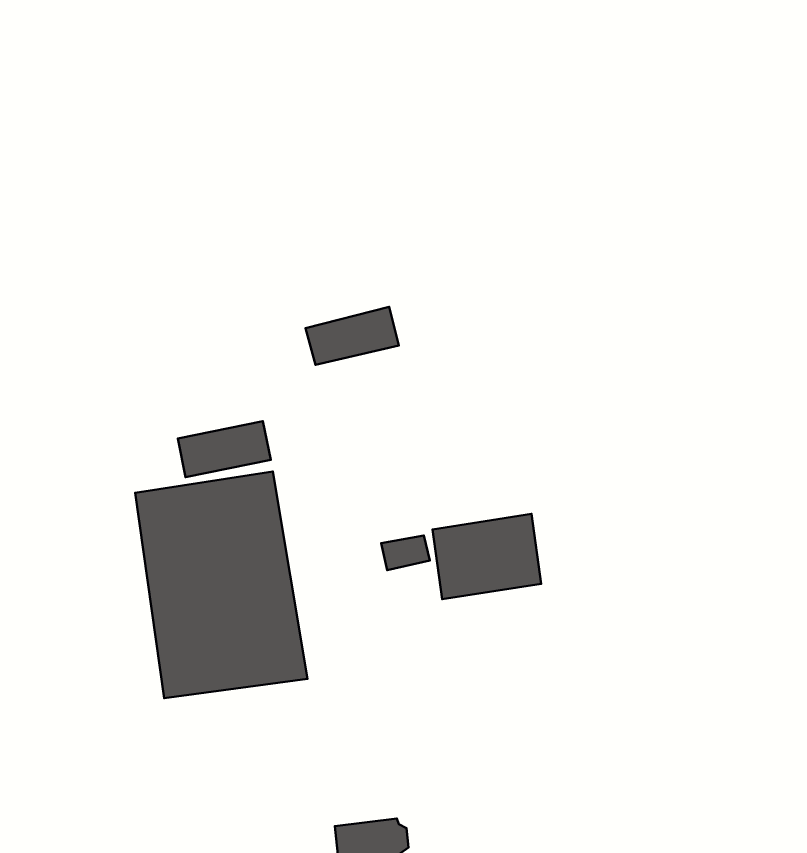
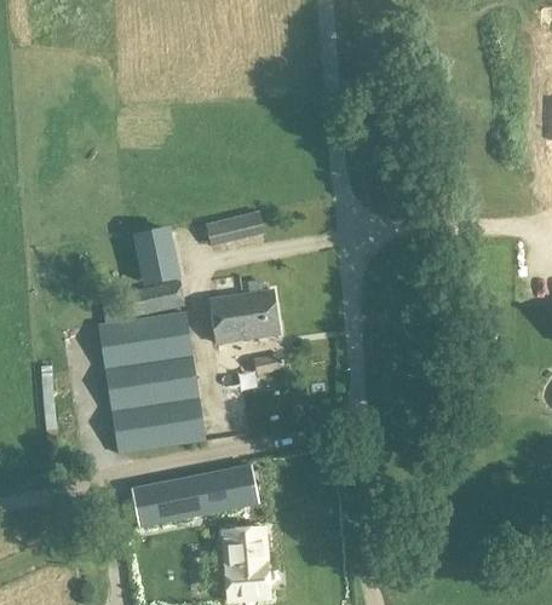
building: none -> [132,226,182,284]
building: [433,514,541,599] -> [212,288,280,341]
building: none -> [132,463,258,525]

